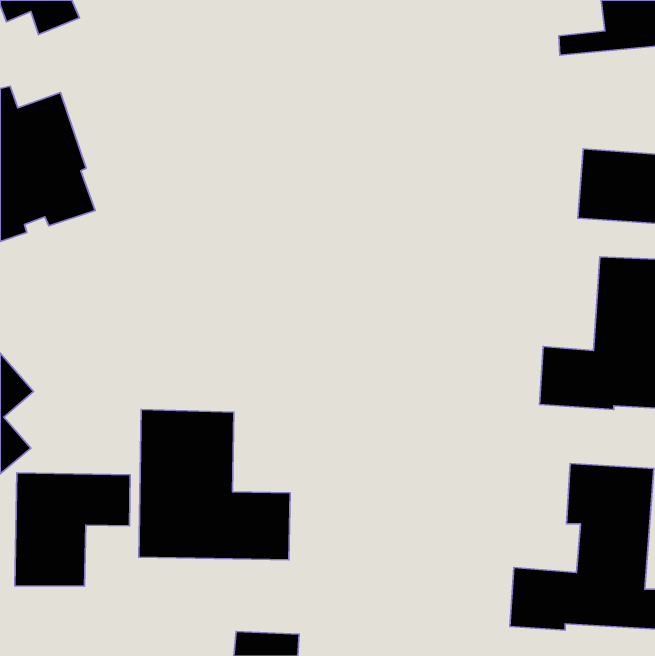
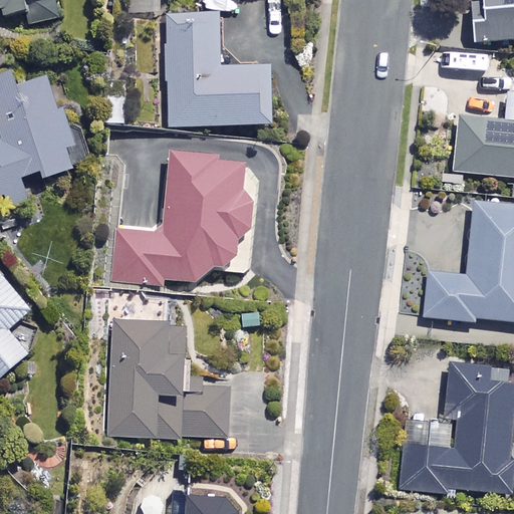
building: none -> [168,13,268,125]
building: none -> [119,155,247,285]
building: [15,473,130,586] -> none

